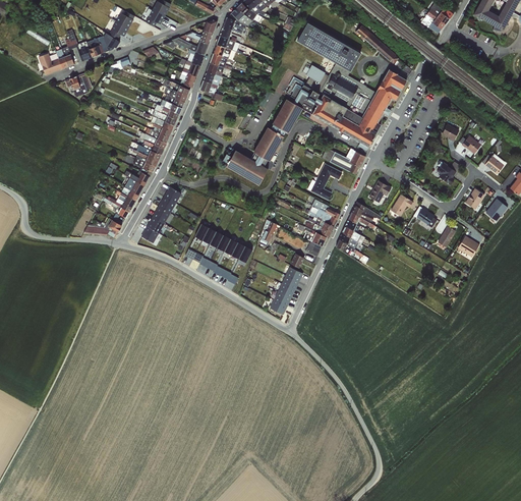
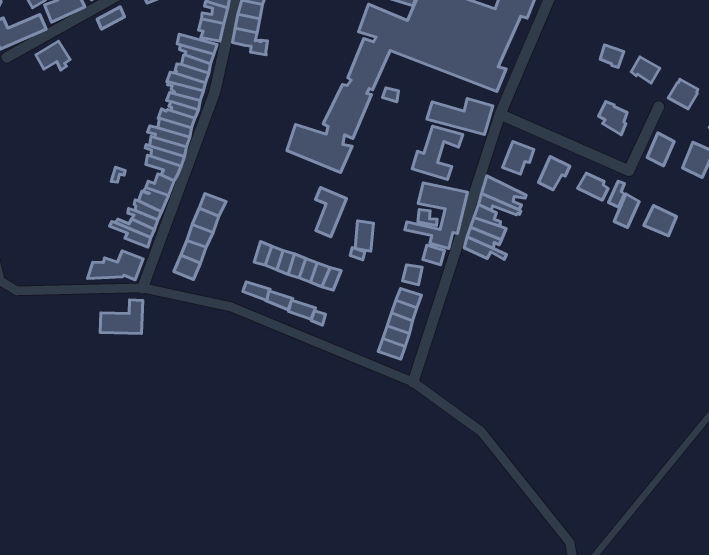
building: none -> [315,188,347,237]
building: none -> [100,300,143,333]

